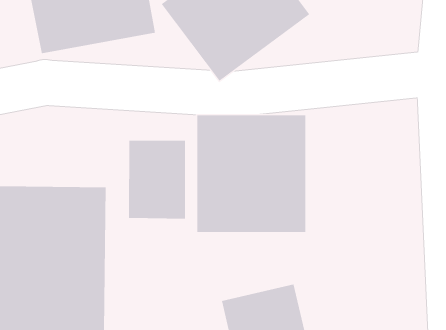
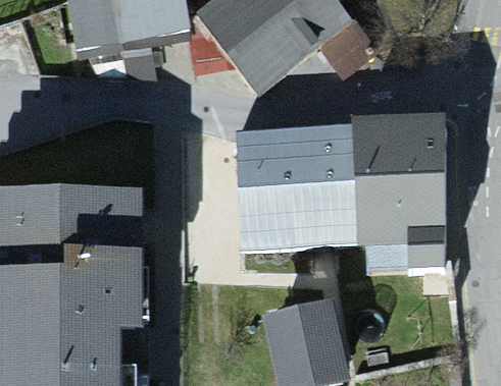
building: none -> [348,122,444,249]
building: [129,140,185,220] -> none

